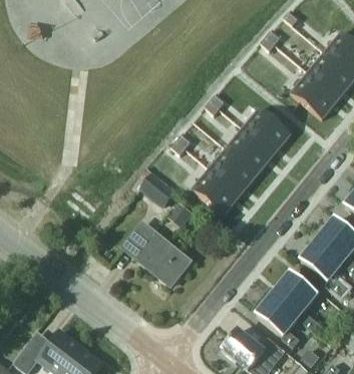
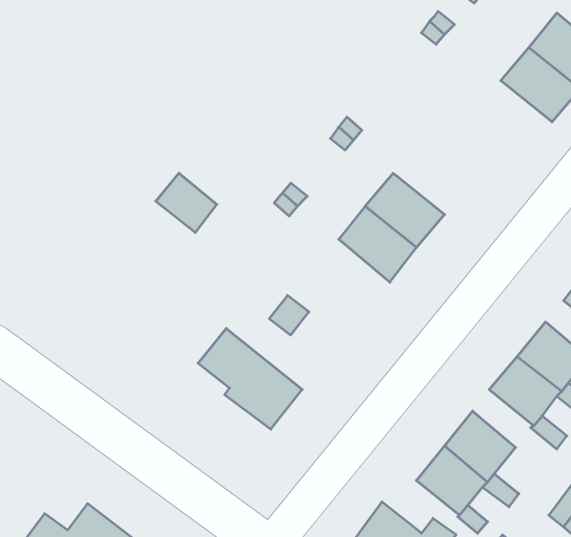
building: [291,72,339,118] -> none
building: [243,107,291,153] -> none
building: [193,168,241,215] -> none
building: [138,171,175,208] -> [156,173,217,233]

